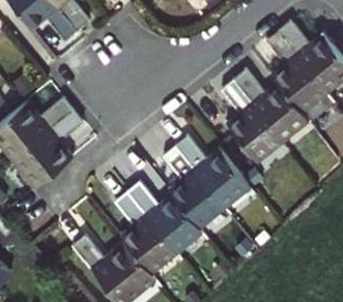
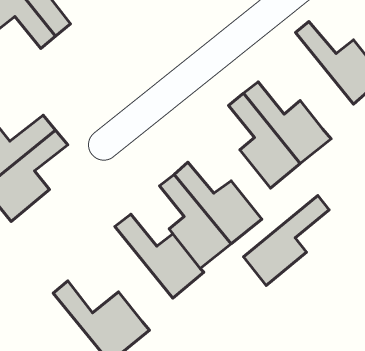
building: [264,30,324,111] -> none
building: none -> [243,196,329,285]
building: [113,192,173,272] -> none

